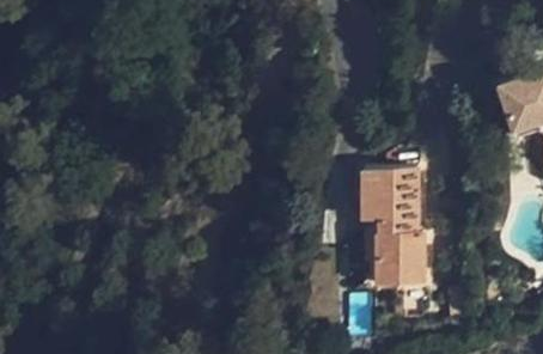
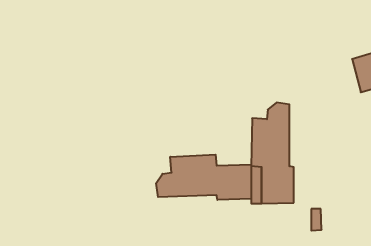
building: none -> [156,155,251,200]

